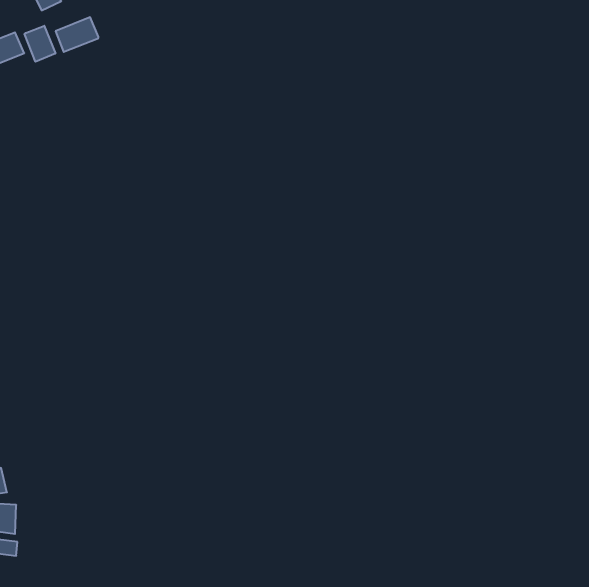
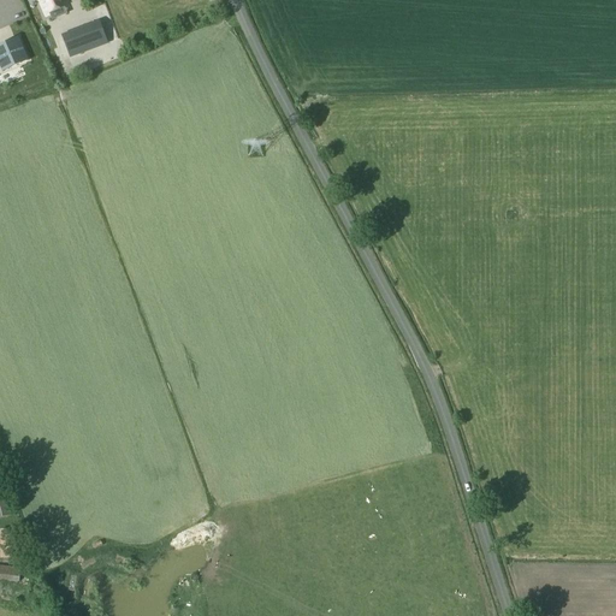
building: [24,26,55,62] -> none

